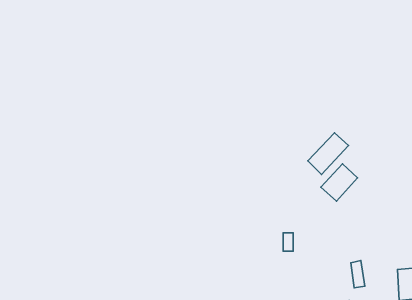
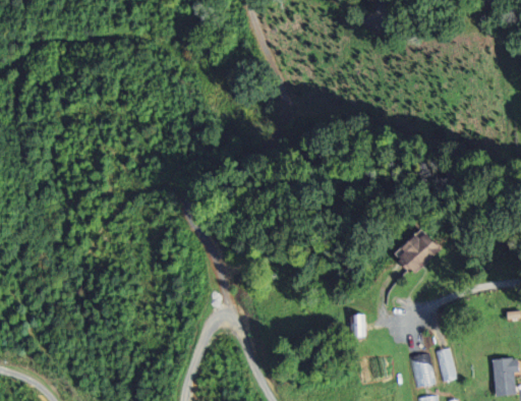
building: [308,133,348,174] -> none
building: none -> [409,352,433,388]

